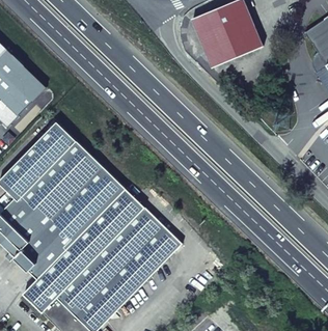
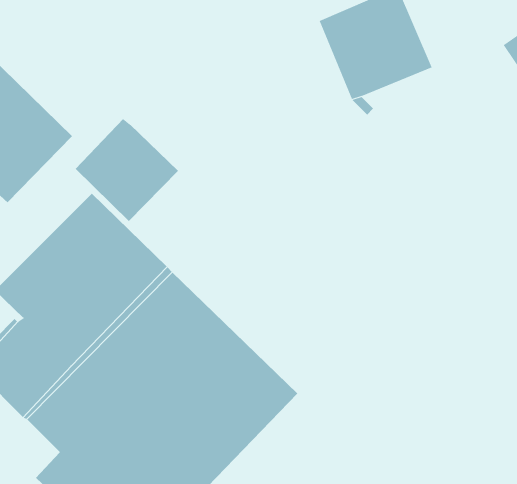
building: none -> [75,118,179,222]

